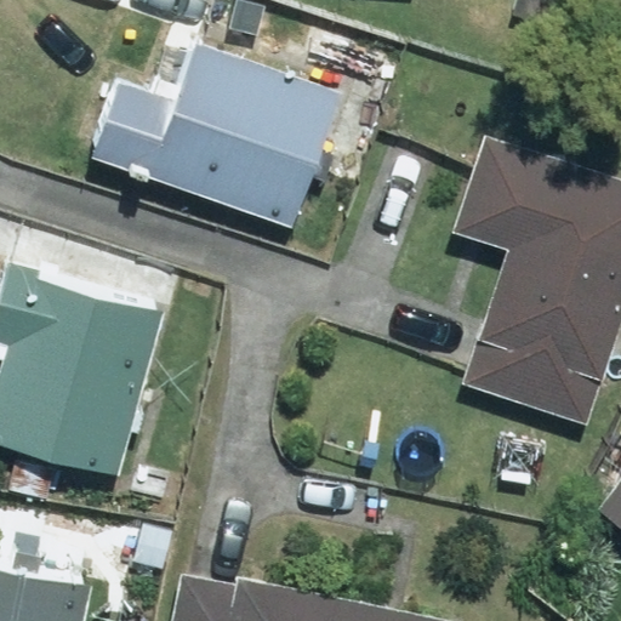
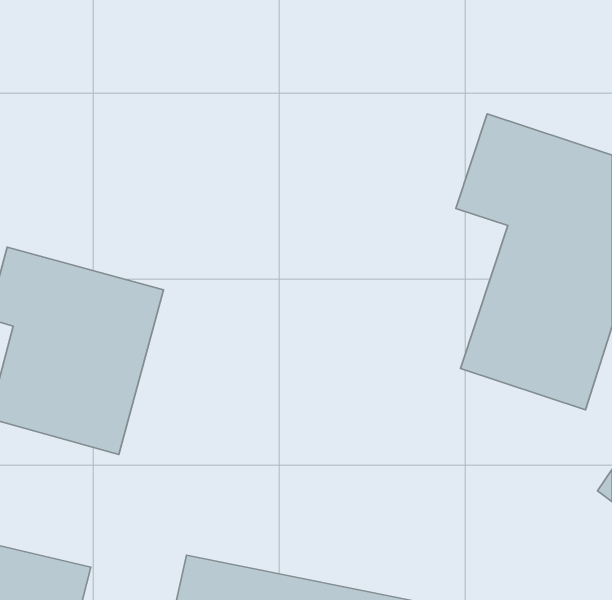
building: [92,41,342,228] -> none

